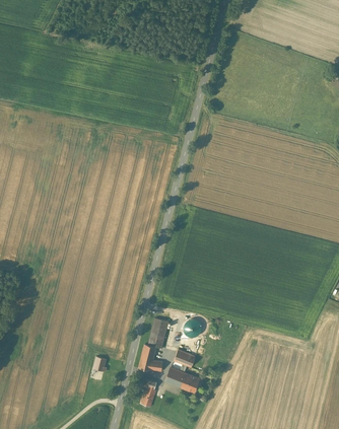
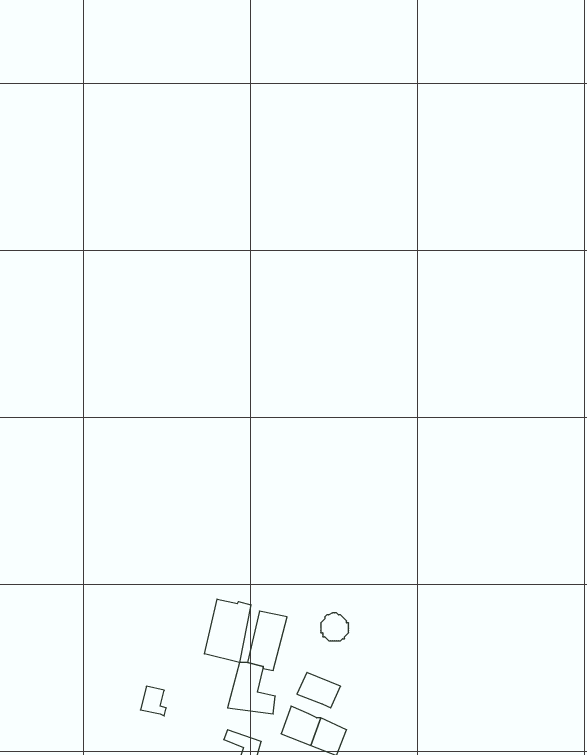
building: none -> [204,599,251,662]

